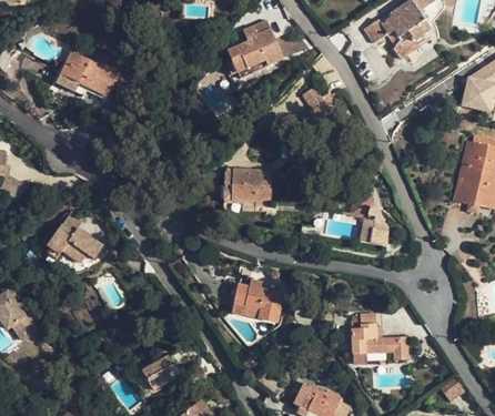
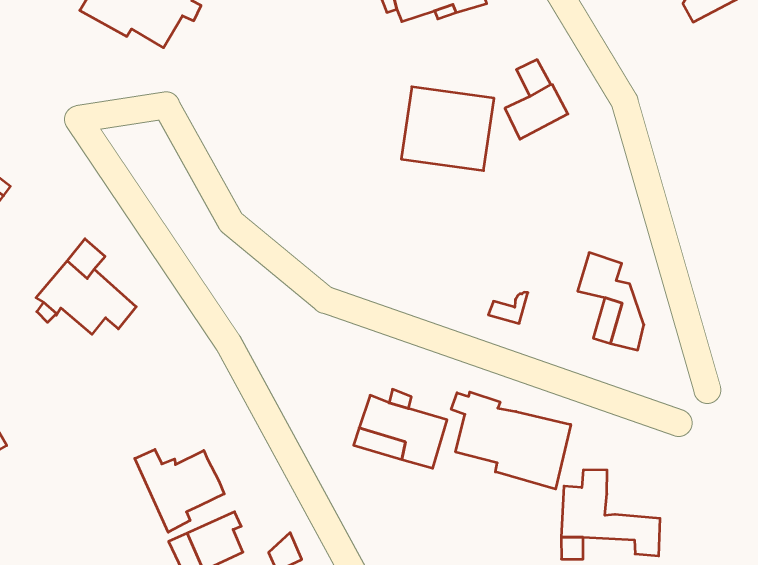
building: [223,168,272,211] -> [401,87,494,171]
building: none -> [451,392,571,489]
building: none -> [135,449,224,532]

